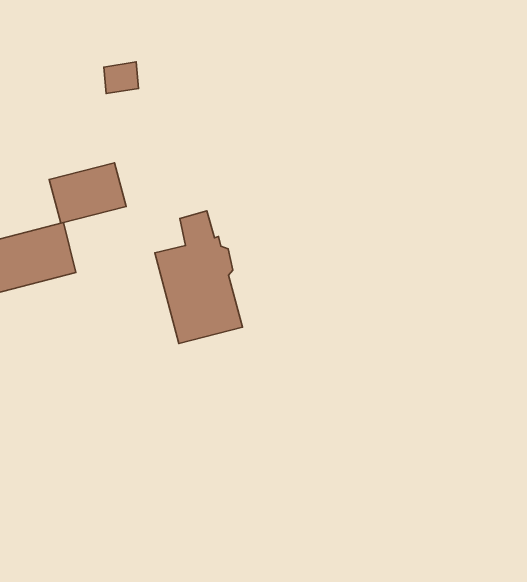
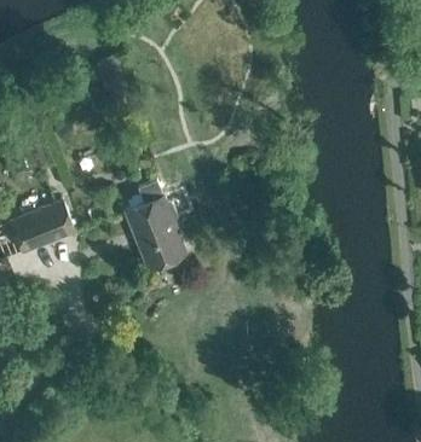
building: [49,163,126,223] -> none

